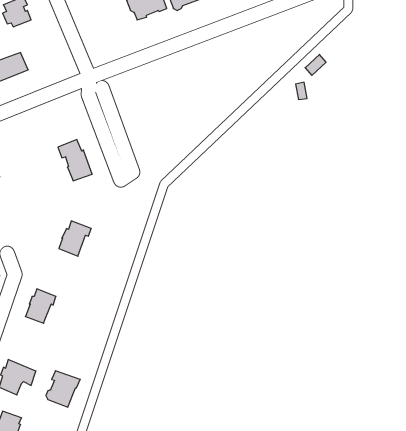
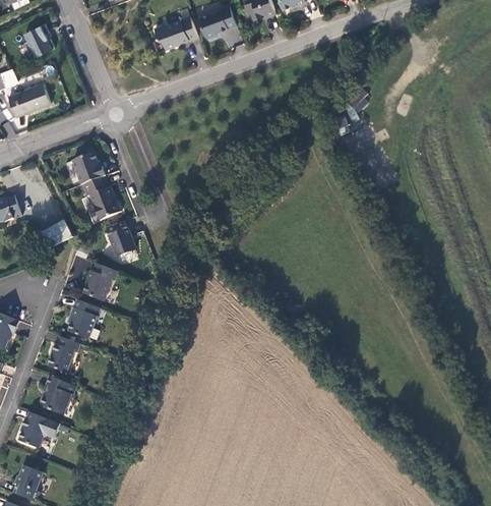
building: none -> [71,152,105,184]
building: none -> [43,220,73,249]
building: none -> [104,221,134,256]
building: none -> [68,298,101,339]
building: [46,371,80,407] -> [40,376,76,414]

